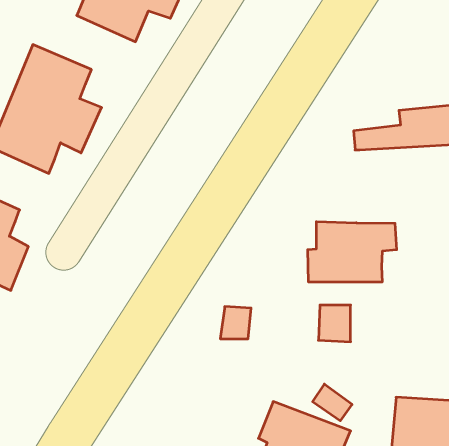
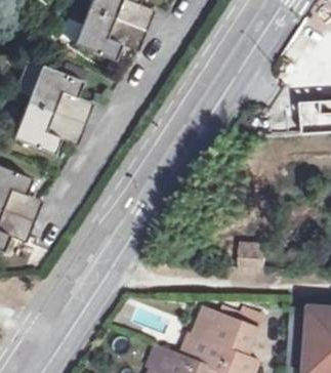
building: [308,222,397,282] -> none

